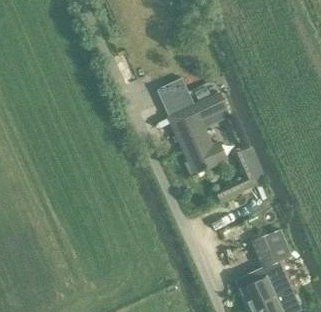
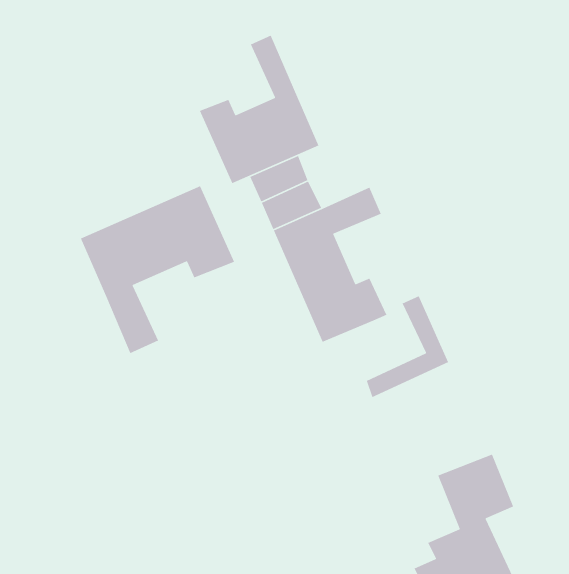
building: none -> [199,35,319,184]
building: none -> [80,185,235,354]

